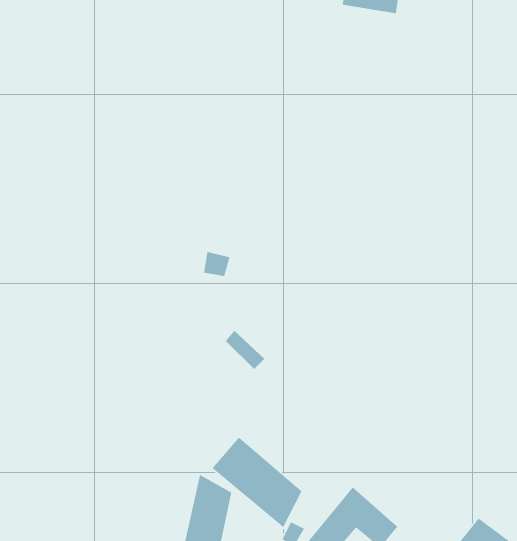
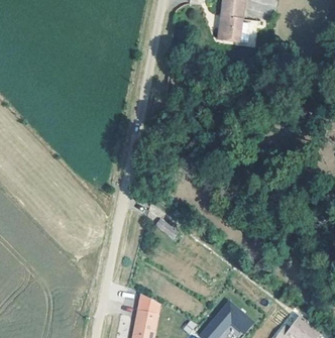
building: [212,437,302,528] -> none

